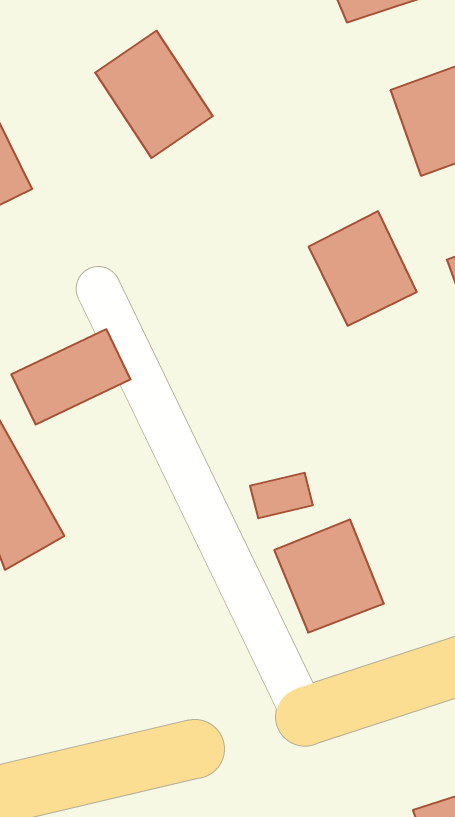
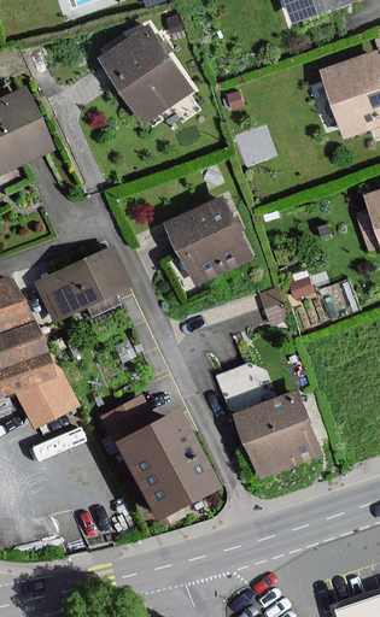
building: [309,211,417,326] -> [166,198,247,283]
building: none -> [103,400,217,521]

